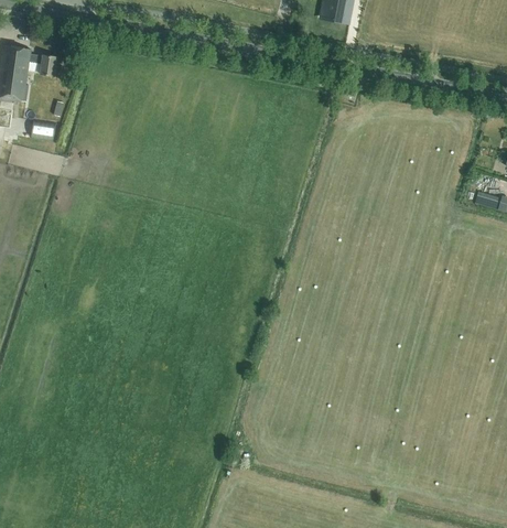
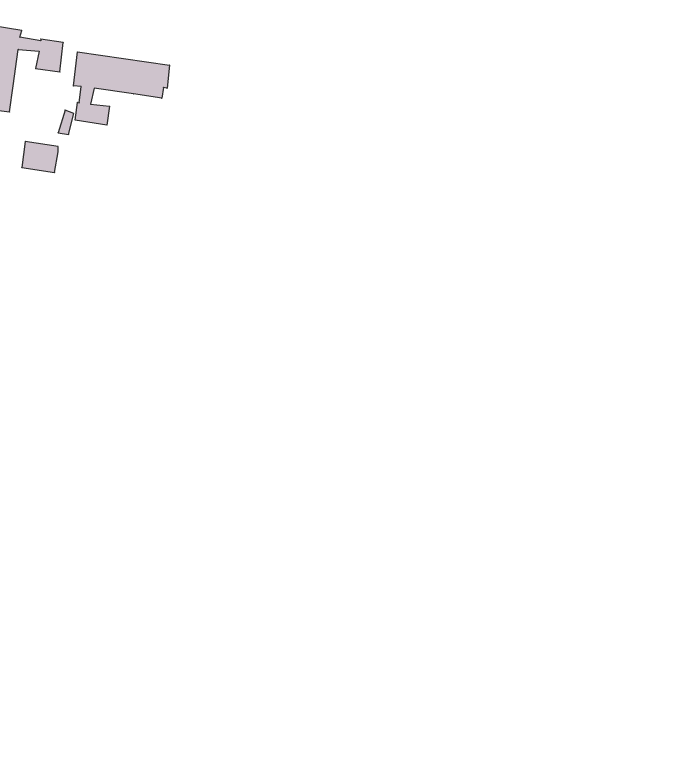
building: none -> [73,52,169,125]

